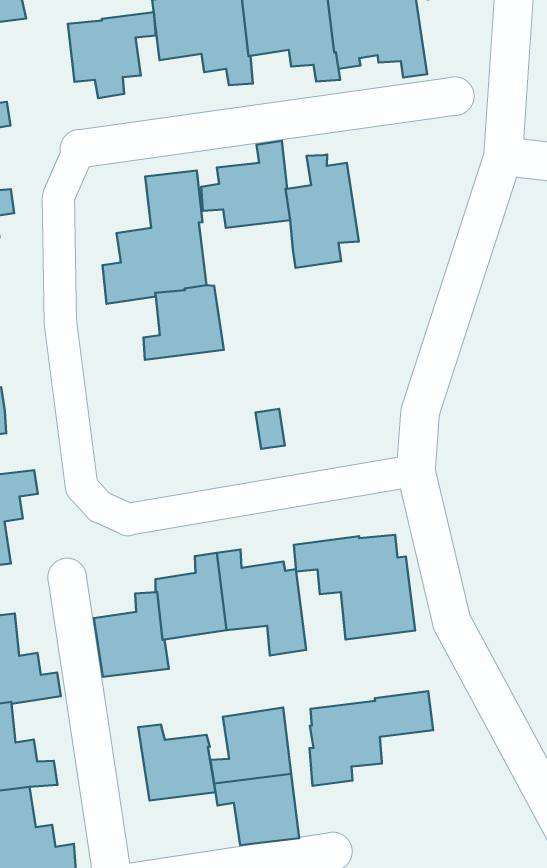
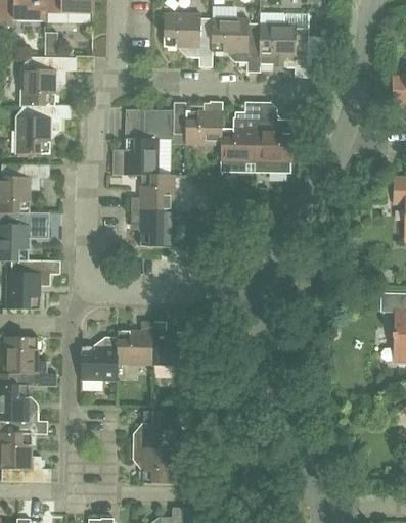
building: [68,12,156,98] -> none
building: none -> [256,117,292,172]
building: none -> [129,208,173,245]
building: [294,535,415,639] -> none
building: [310,691,433,786] -> none
building: [138,724,216,801] -> none

